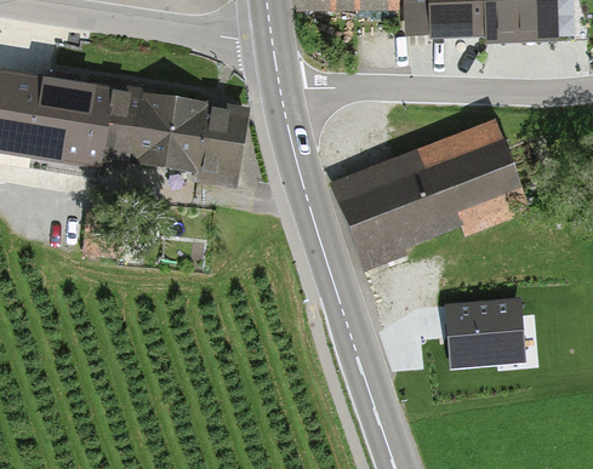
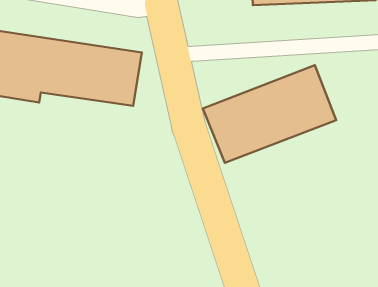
building: [450,296,517,366] -> none

